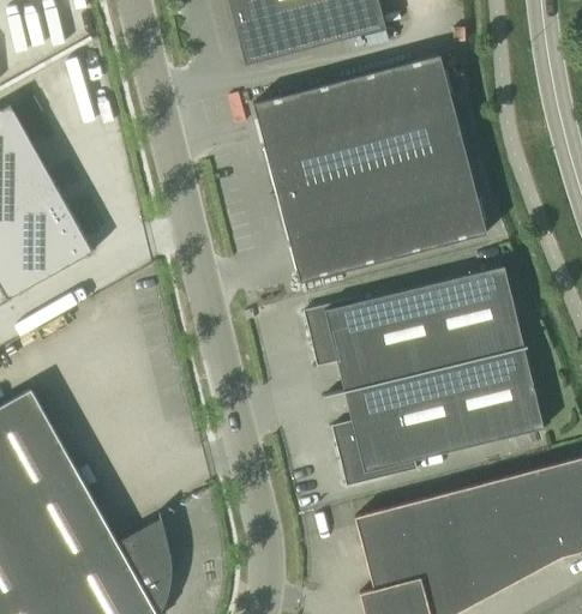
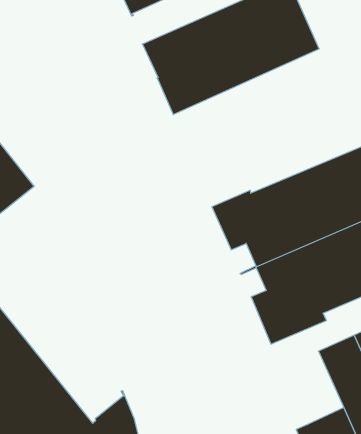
building: [275,145,486,283] -> none
building: [354,505,420,590] -> none

